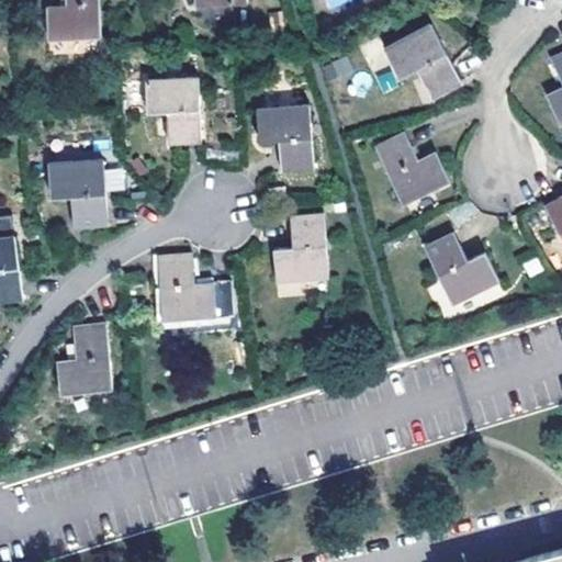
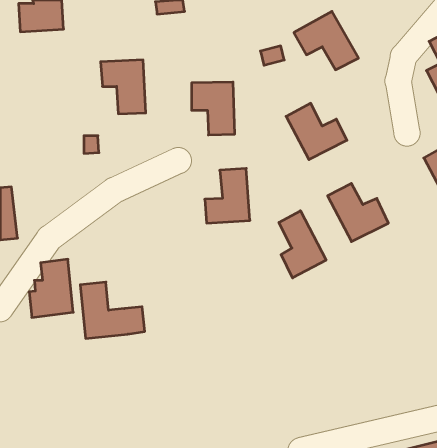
building: [44,159,102,228] -> none
building: [155,256,235,326] -> [80,282,145,338]
building: none -> [279,211,326,278]

